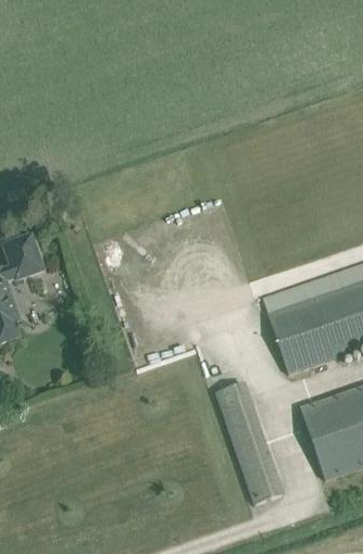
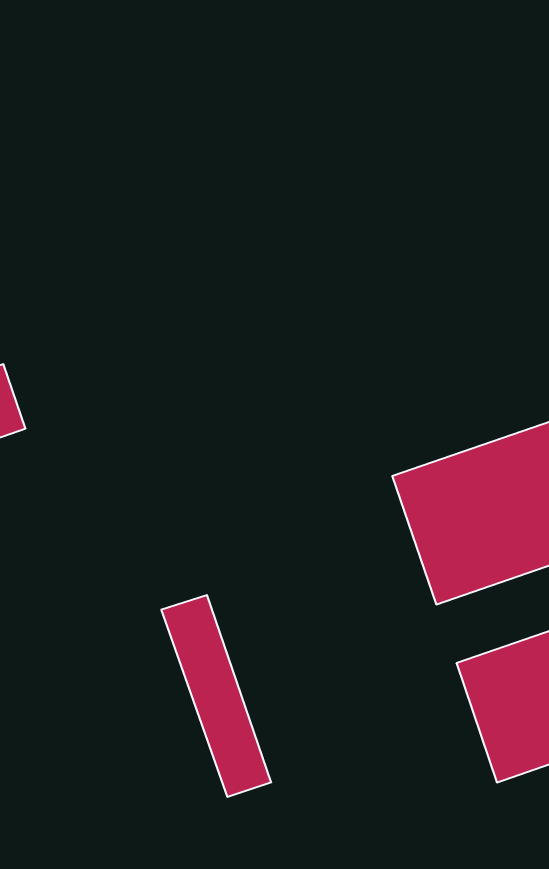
building: [216,382,281,502] -> [161,595,271,797]

